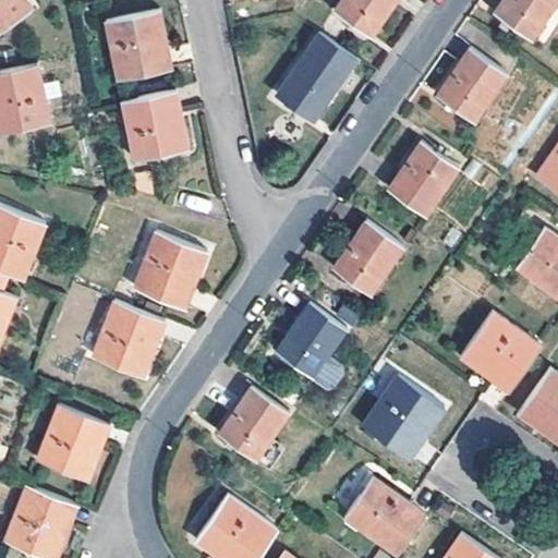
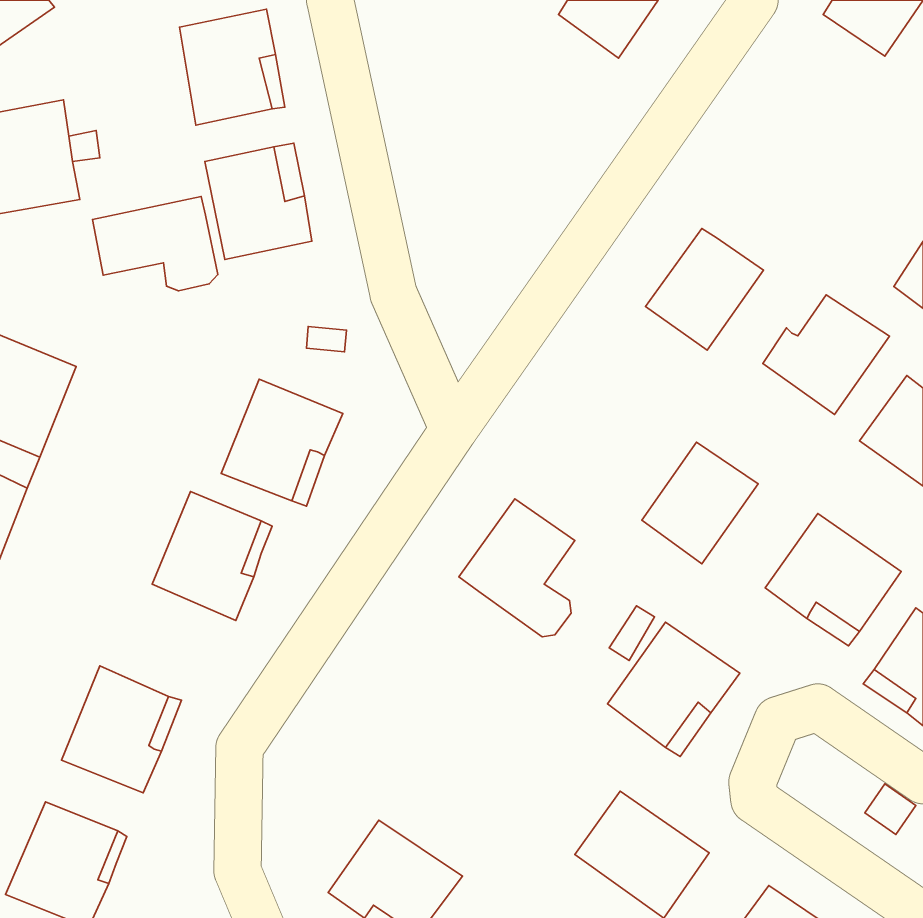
building: [279,36,357,121] -> none
building: [438,48,508,122] -> none
building: none -> [92,196,218,291]
building: none -> [763,295,889,414]
building: [333,222,403,295] -> [642,442,758,564]
building: [219,388,289,461] -> none

